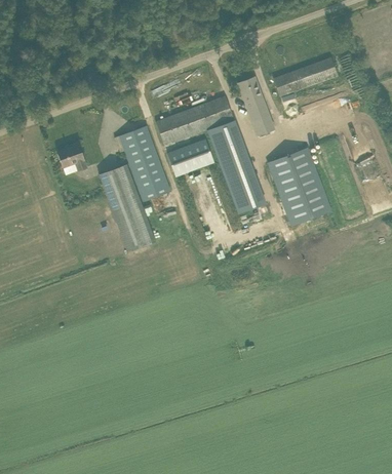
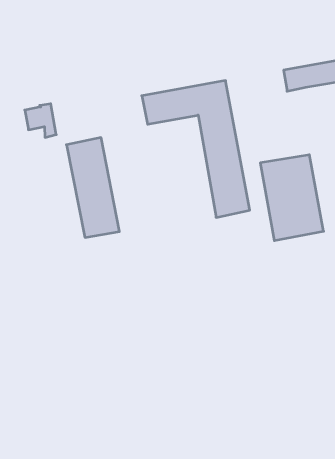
building: [237,77,274,136] -> none
building: [119,125,171,202] -> none
building: [167,141,213,176] -> none

